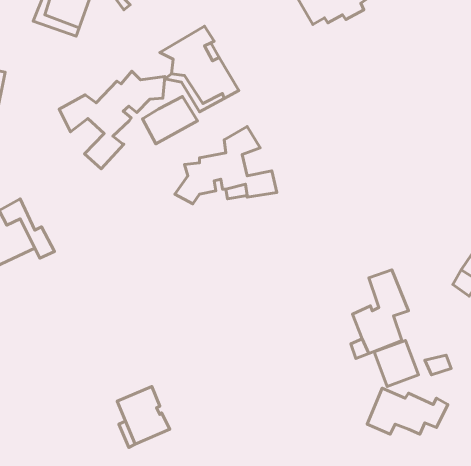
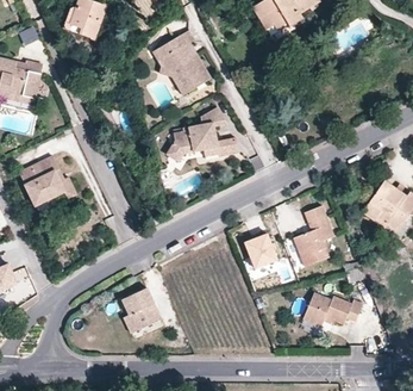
building: [59,71,165,169] -> none
building: [143,96,197,144] -> none
building: [374,340,419,386] -> [244,235,276,268]

